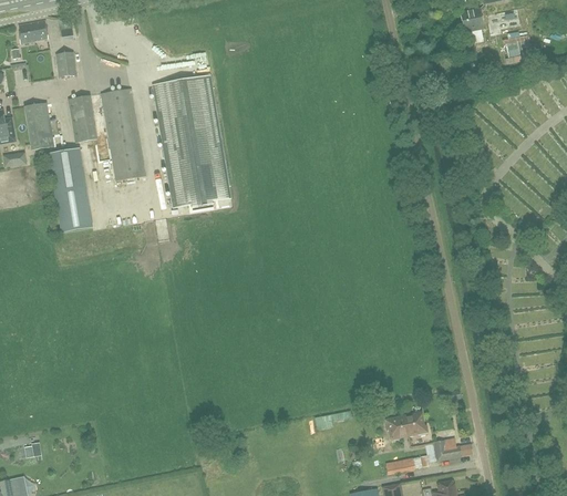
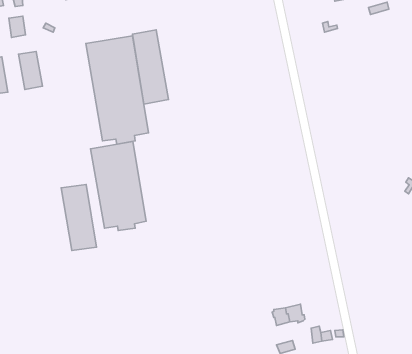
building: [100,87,145,180] -> [132,30,169,104]
building: [51,148,95,231] -> [61,184,97,251]
building: none -> [91,142,146,231]

